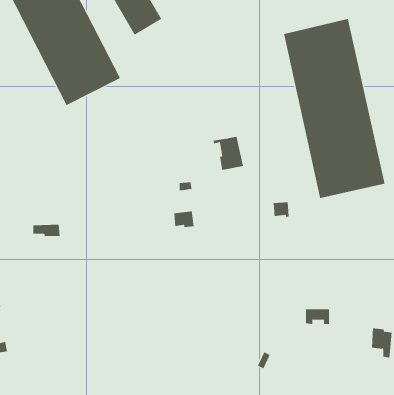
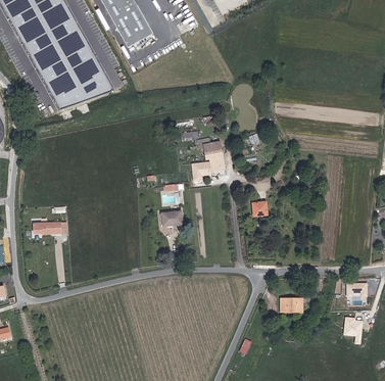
building: [284,18,385,199] -> none

